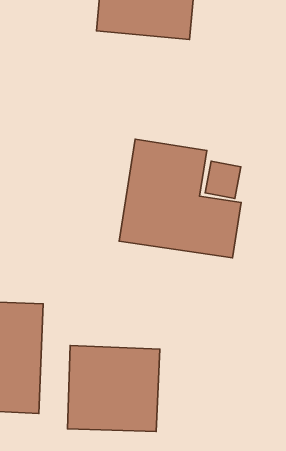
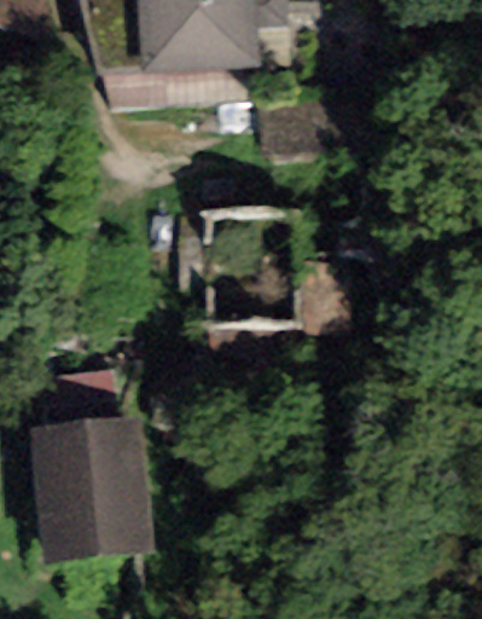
building: [68,346,160,431] -> none

